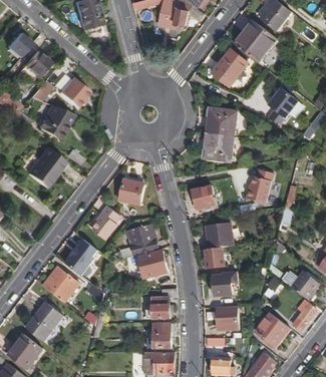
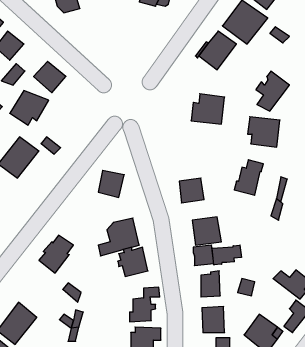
building: [204,133,234,161] -> [248,117,280,147]
building: [91,207,119,239] -> none
building: none -> [212,245,241,265]
building: [42,267,78,303] -> none

